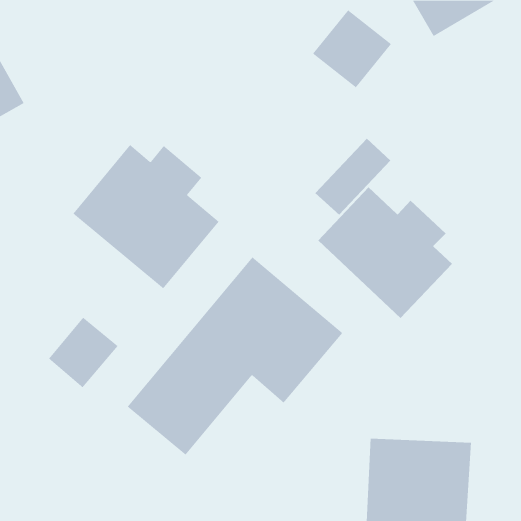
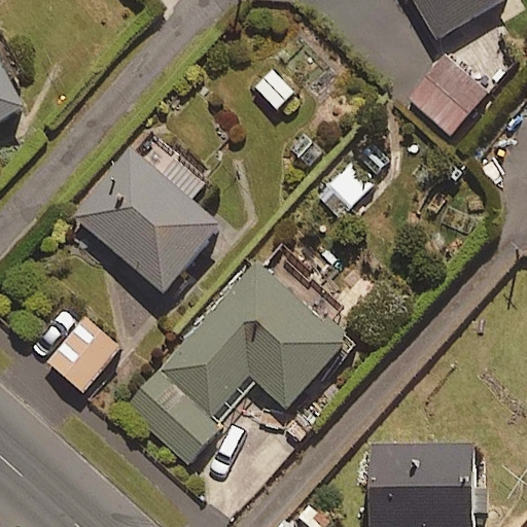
building: [312,9,392,88] -> [406,57,486,136]
building: [317,187,453,319] -> none

